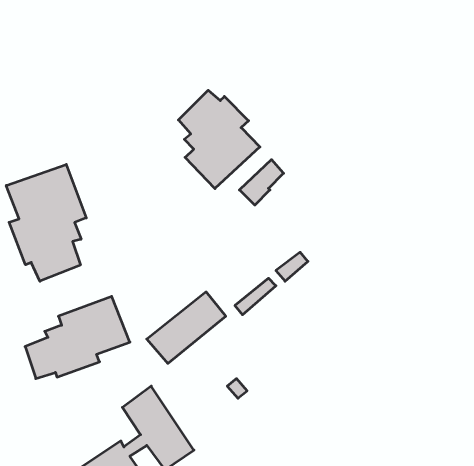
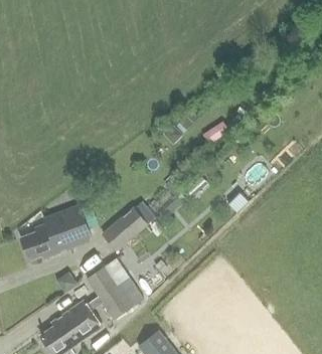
building: [178,90,260,189] -> none
building: [6,164,86,281] -> none

